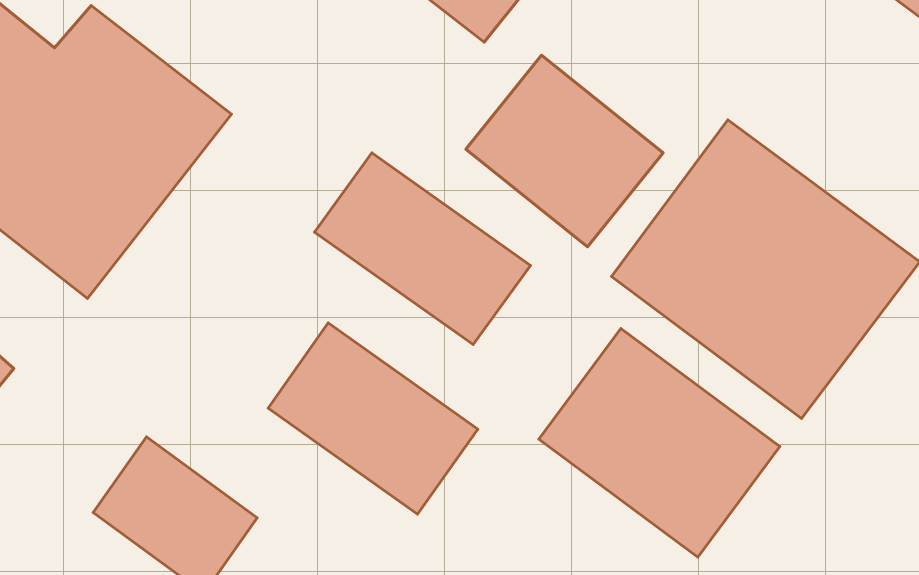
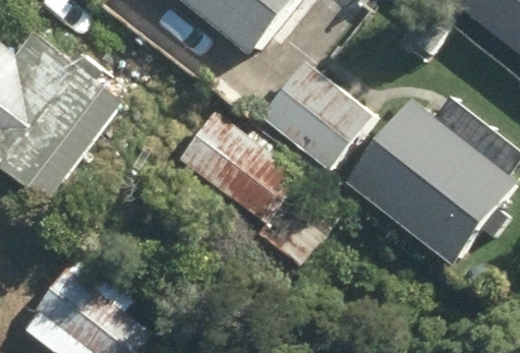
building: [268,323,478,514] -> none
building: [539,329,780,557] -> none

